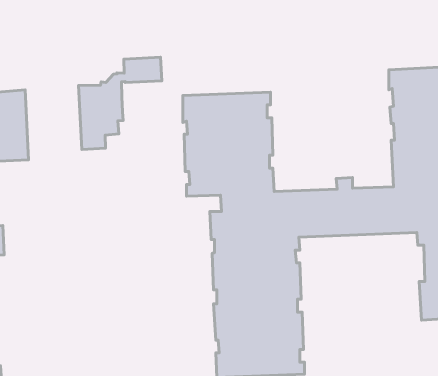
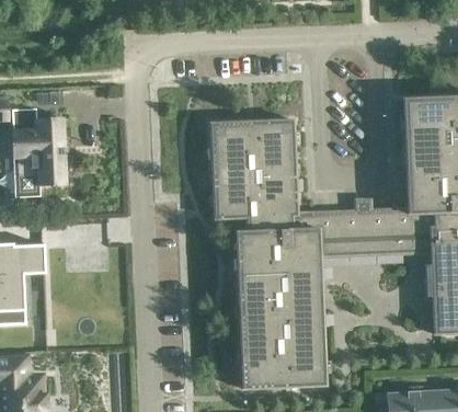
building: [78,57,162,150] -> none

